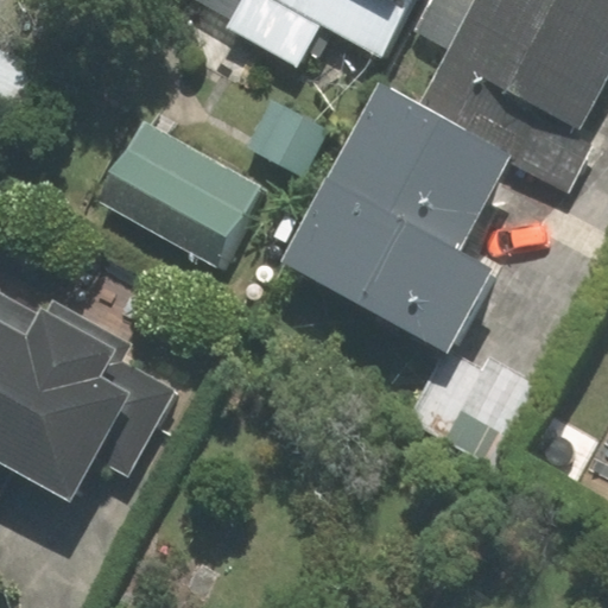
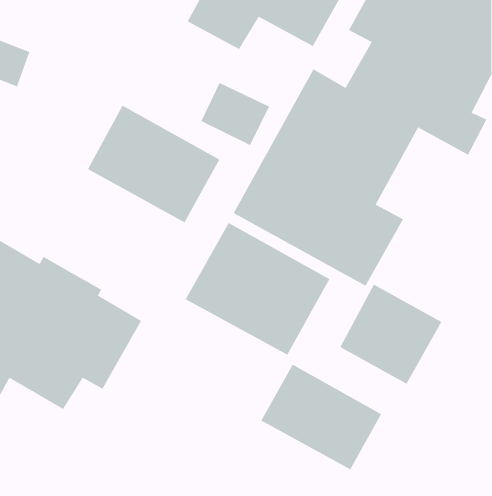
building: none -> [185,222,330,355]
building: none -> [260,364,382,470]

